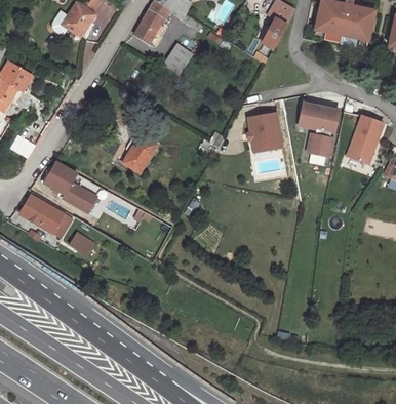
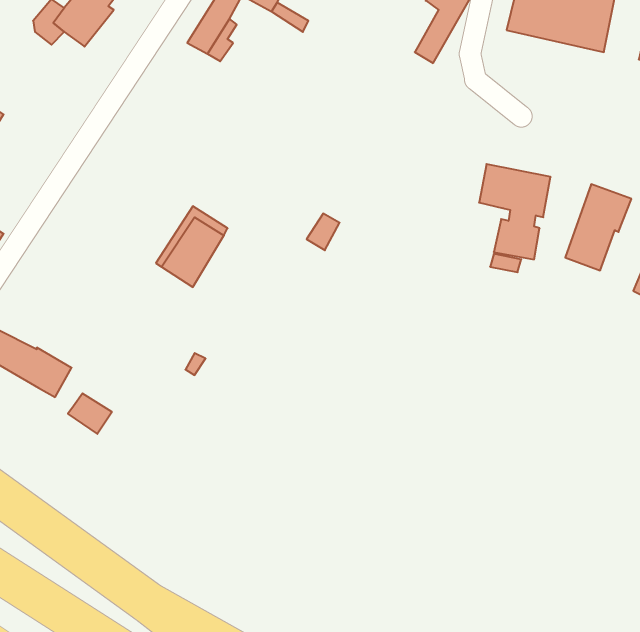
building: [164,42,193,72] -> none
building: [247,113,282,150] -> none
building: [43,160,97,212] -> none

